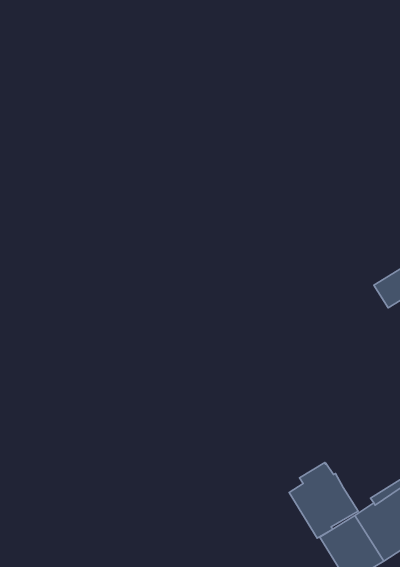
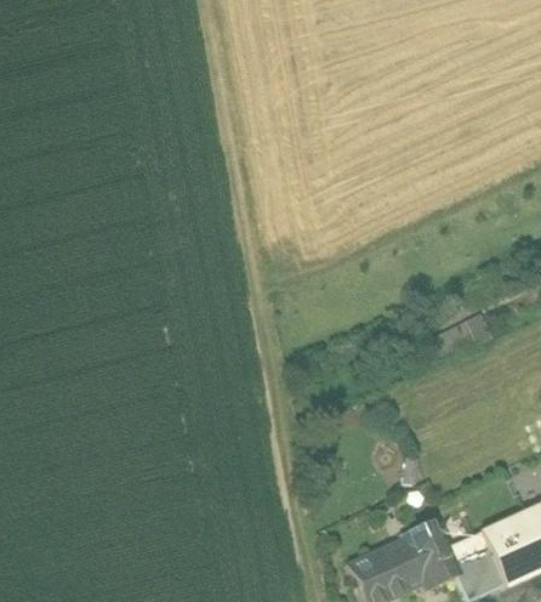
building: [289,463,358,538] -> none

